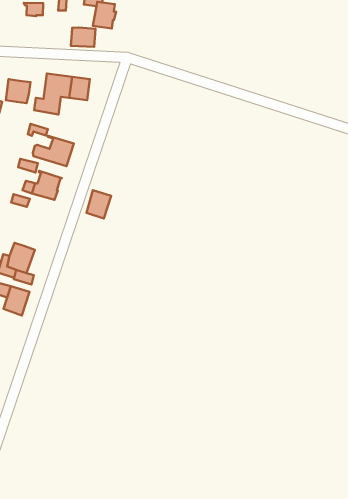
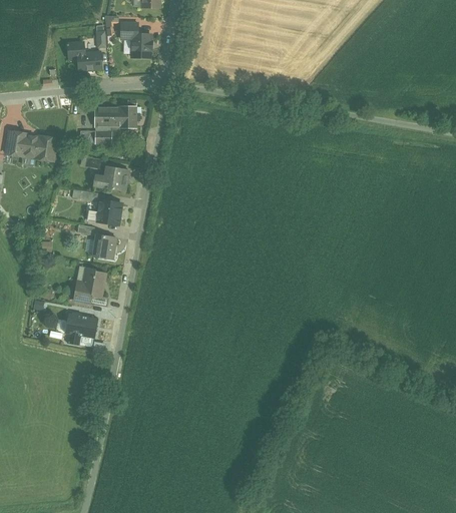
building: [71,28,96,47] -> [77,51,100,70]
building: [6,79,30,103] -> none
building: [86,190,111,218] -> [94,233,115,259]

